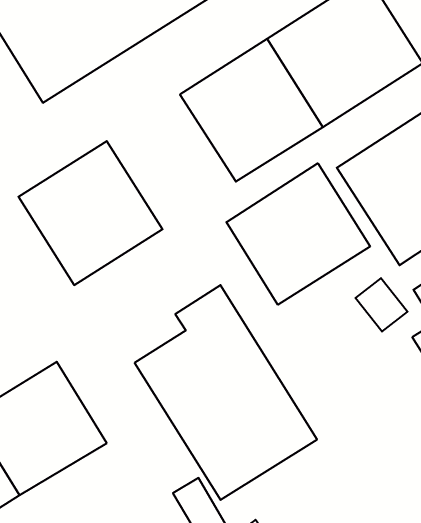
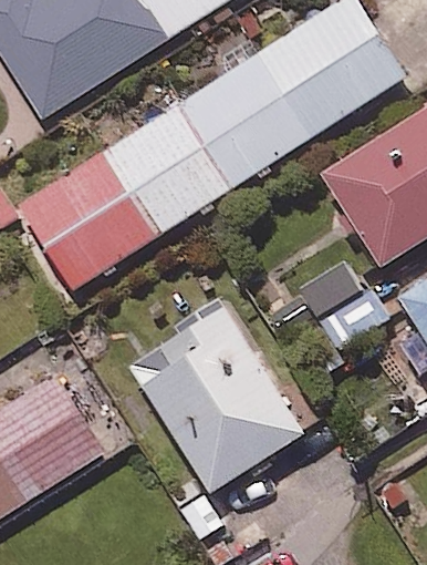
building: none -> [104,109,227,237]
building: [226,163,370,305] -> none

